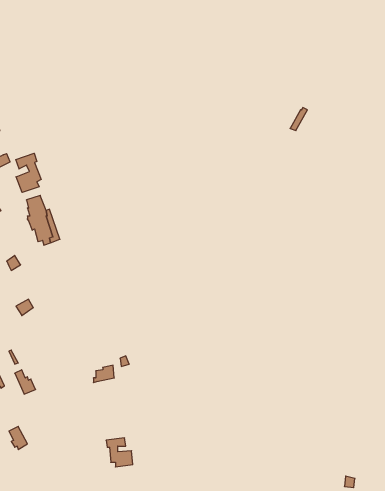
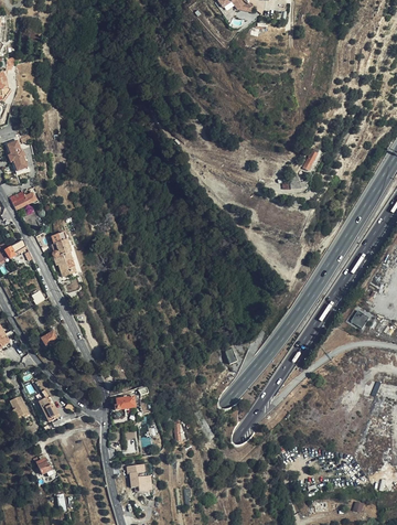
building: [16,153,41,192] -> none

